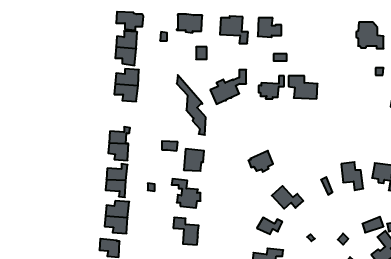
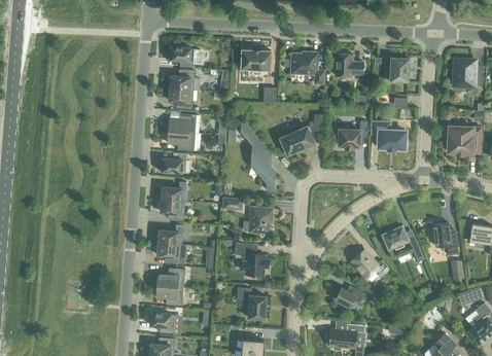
building: none -> [389,56,408,80]
building: none -> [444,126,480,153]
building: none -> [161,152,185,173]
building: [248,151,273,172] -> [379,224,408,249]

